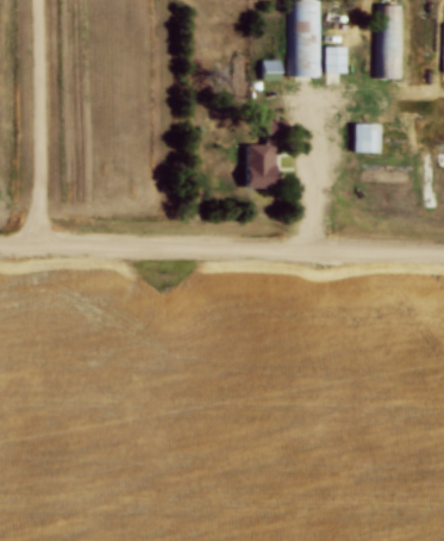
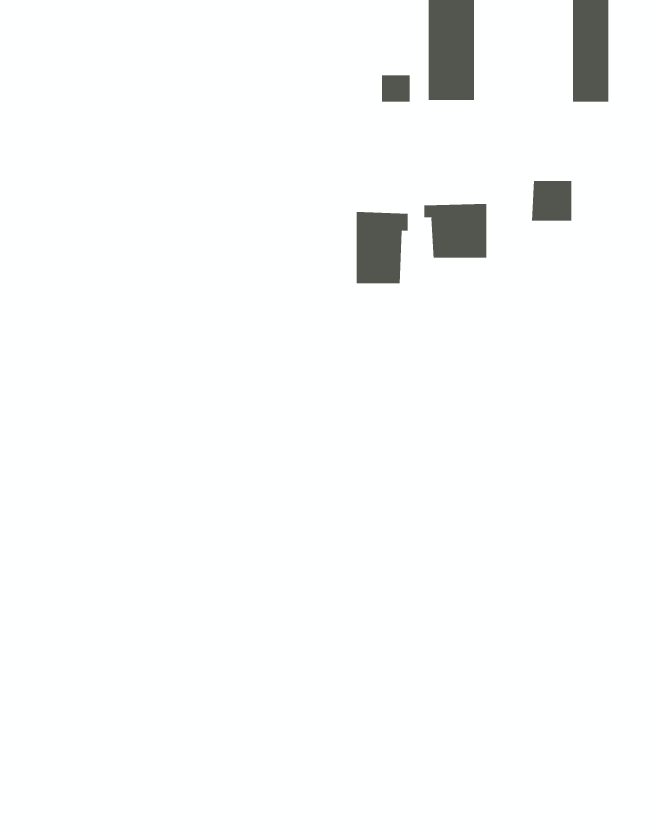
building: [325,49,348,73] -> none
building: none -> [424,203,487,258]

